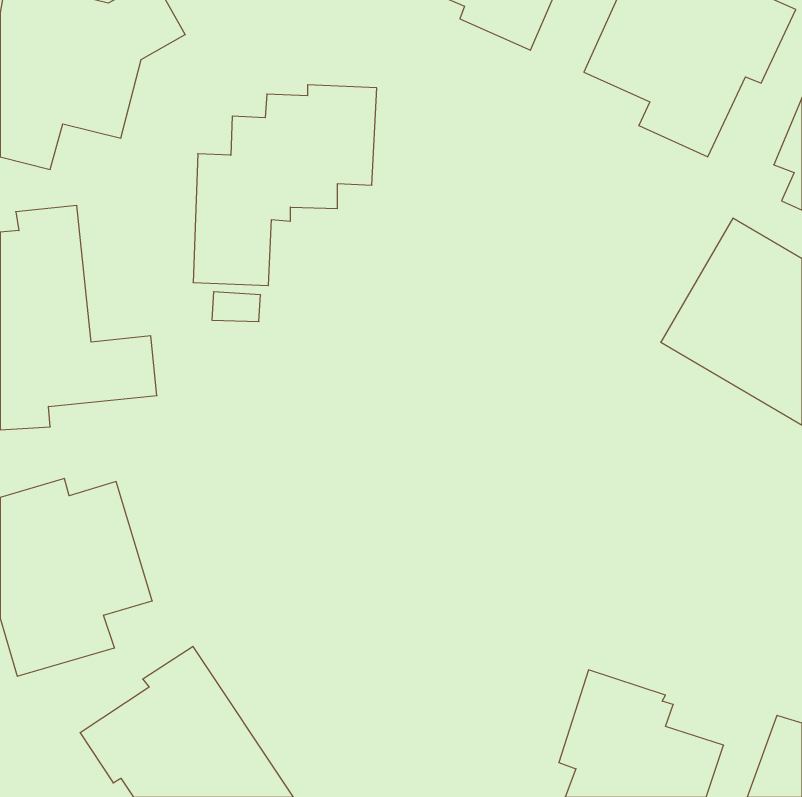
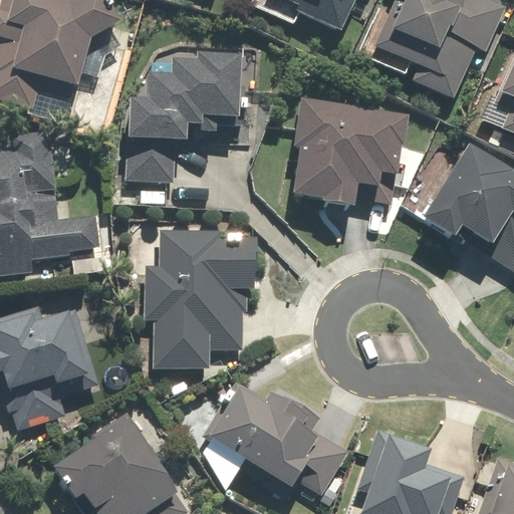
building: none -> [292,96,408,209]
building: none -> [143,229,256,369]
building: none -> [201,379,349,500]

